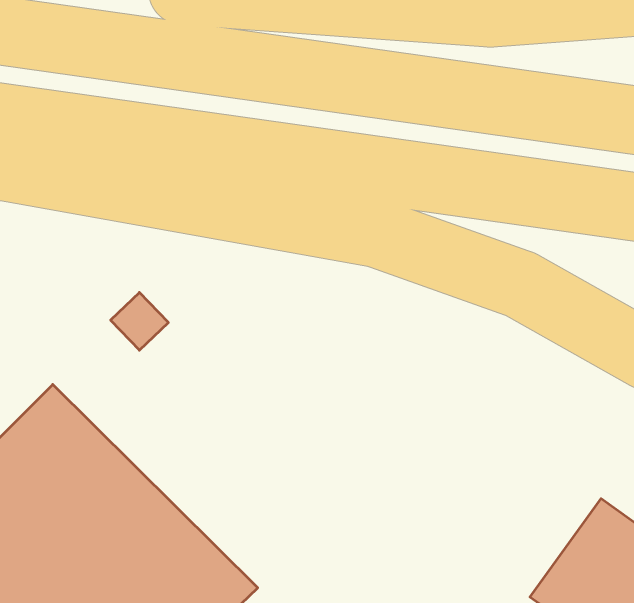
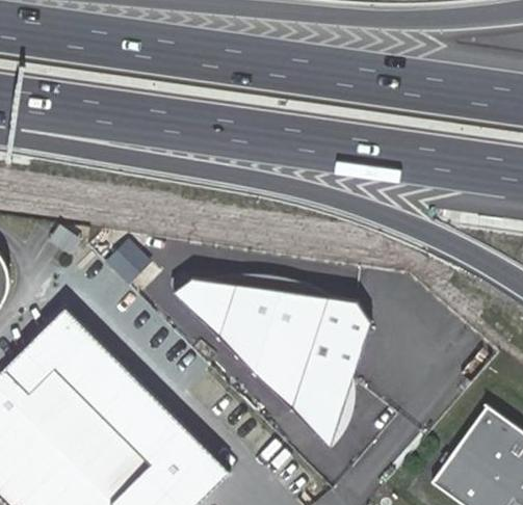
building: none -> [164,268,367,438]

